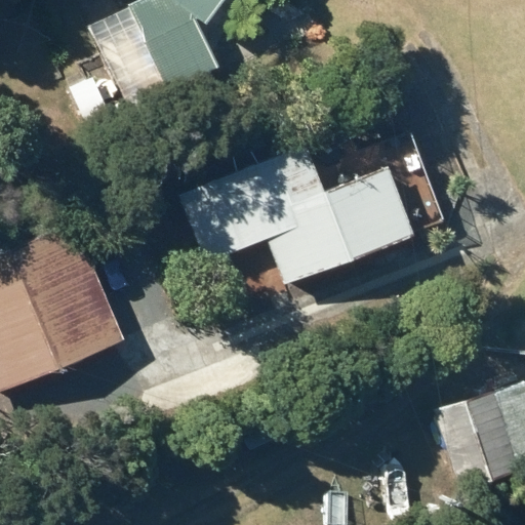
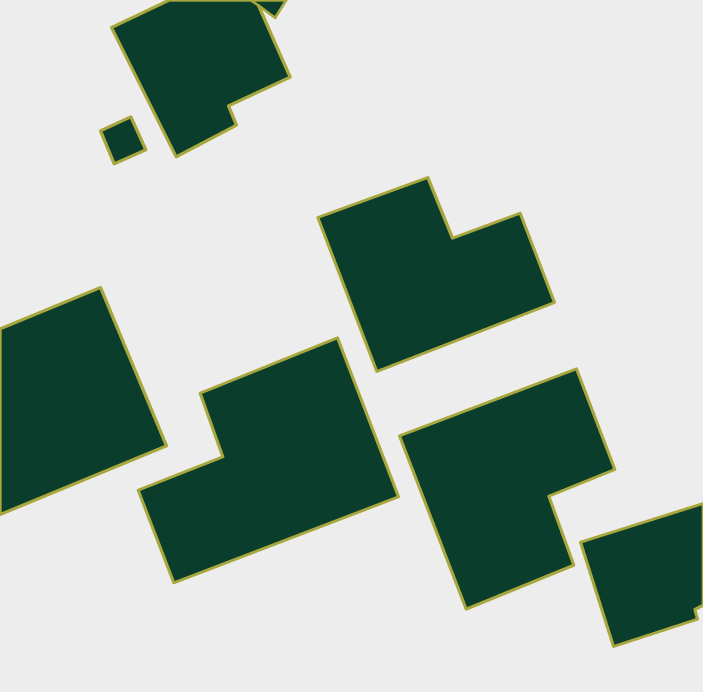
building: none -> [138,338,399,583]
building: none -> [400,369,615,609]

